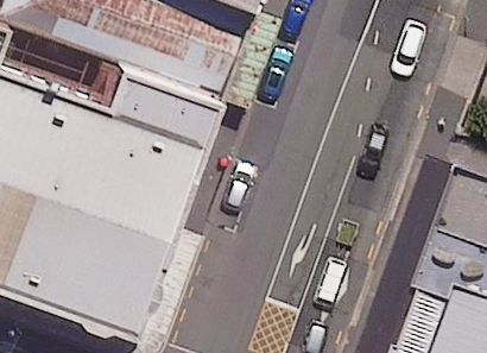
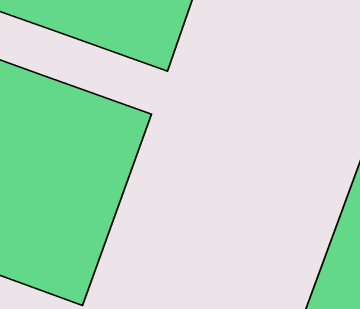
building: [93,43,233,134] -> none

